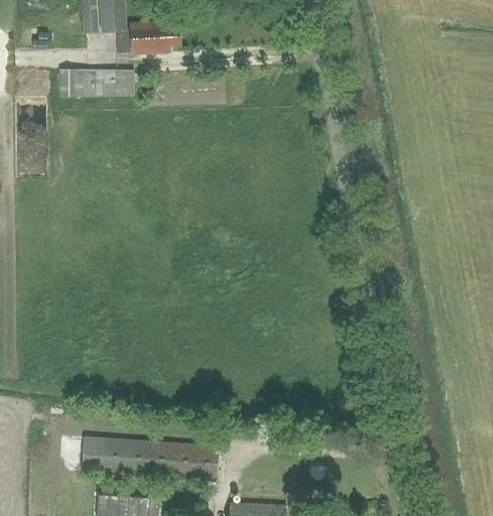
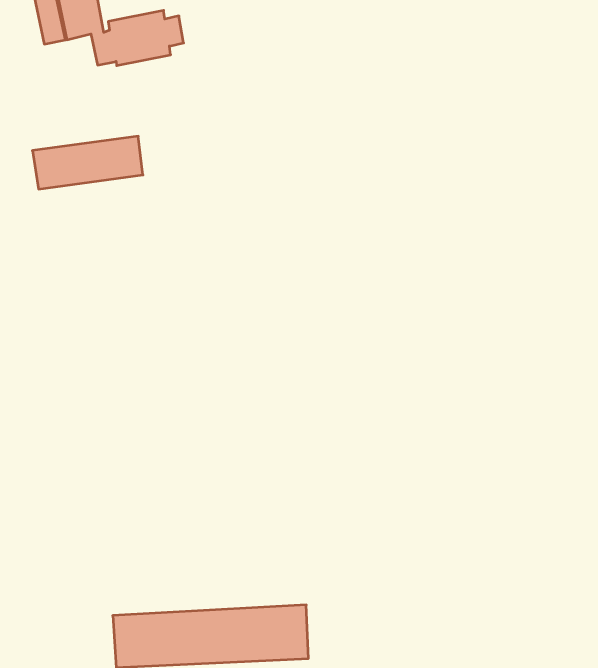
building: [58,69,133,97] -> [32,136,143,189]

